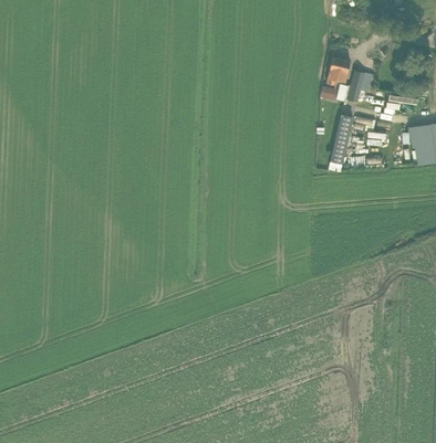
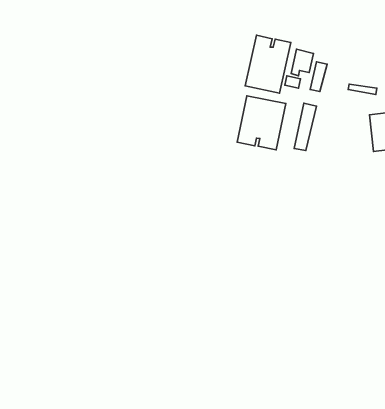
building: none -> [245,35,291,93]
building: none -> [237,96,286,150]

